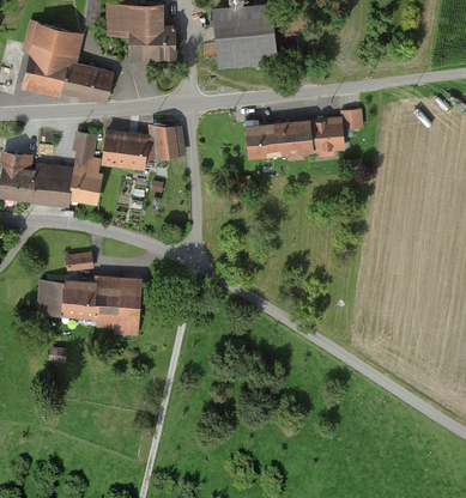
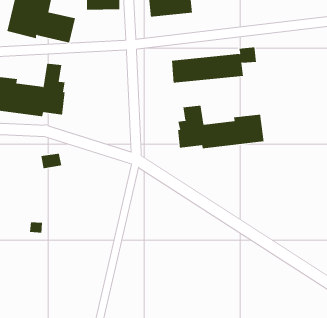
building: [101,124,183,169] -> none
building: none -> [178,105,264,149]
building: [36,279,144,340] -> none

